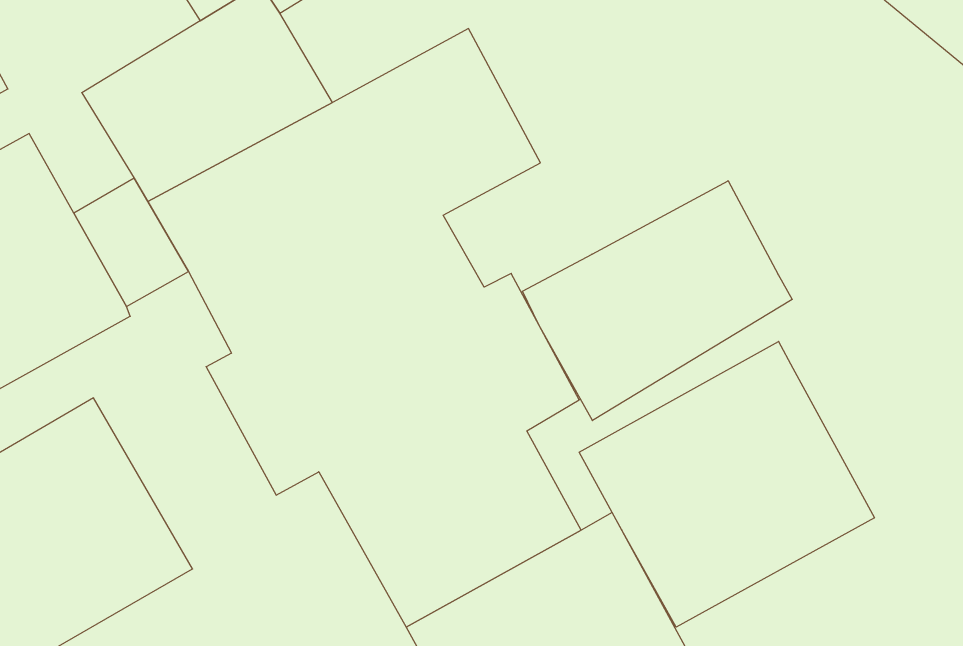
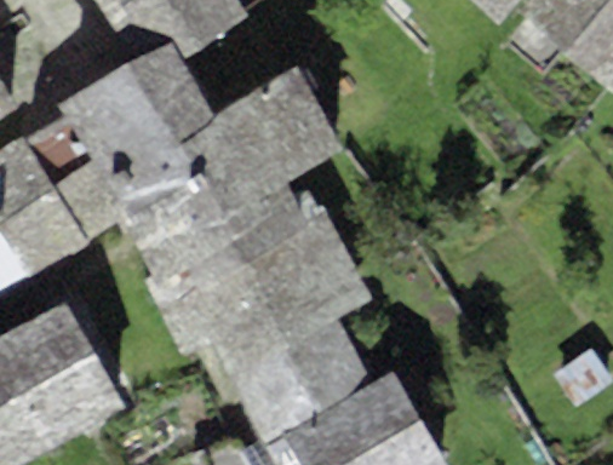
building: [523,181,792,421] -> none
building: [579,341,874,627] -> none

